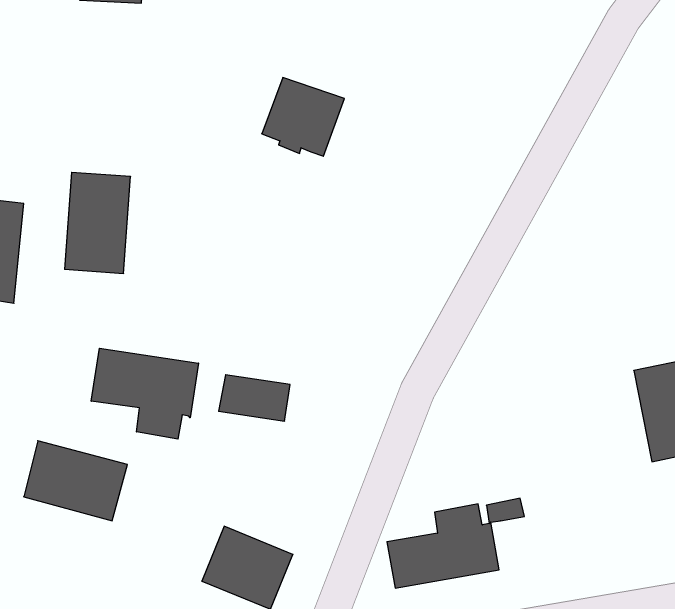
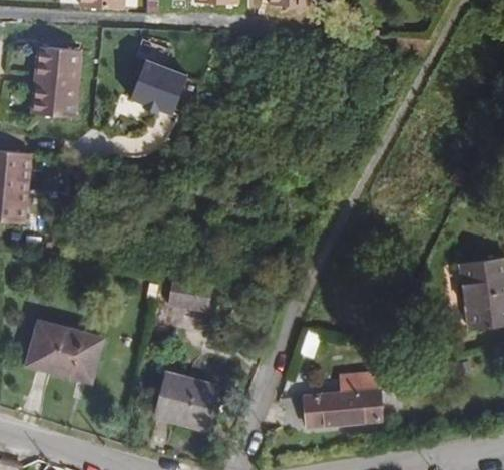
building: [262,78,344,156] -> [133,61,192,117]
building: [65,172,131,273] -> [31,45,78,117]
building: [91,348,198,439] -> none

